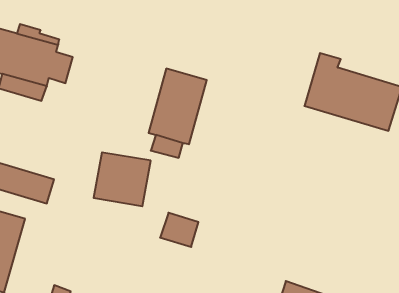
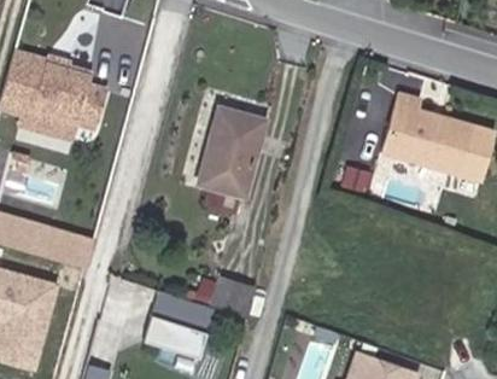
building: [94,152,151,206] -> [141,290,207,352]

